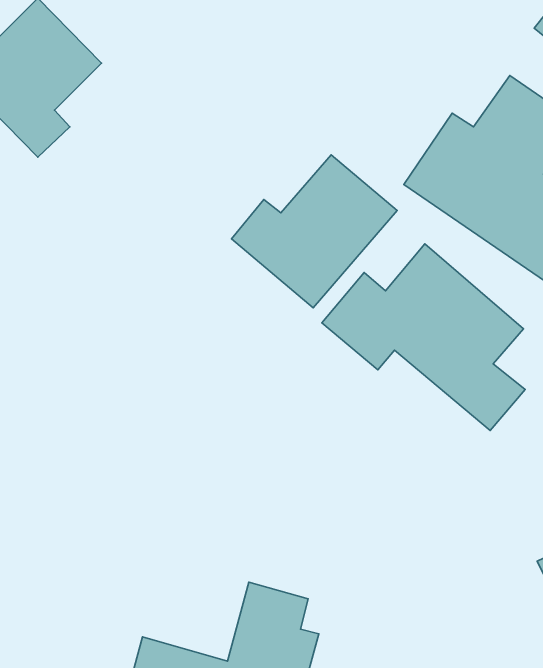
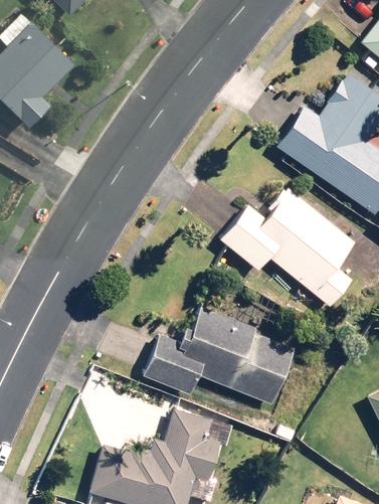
building: [232,155,397,308] -> none
building: none -> [144,307,292,404]

